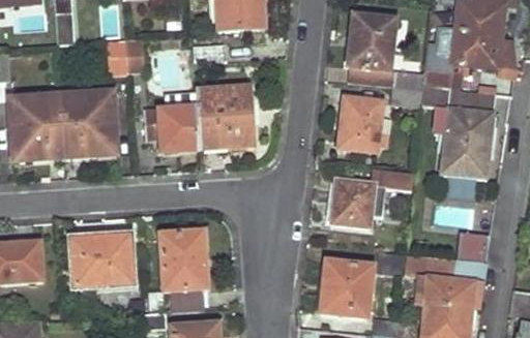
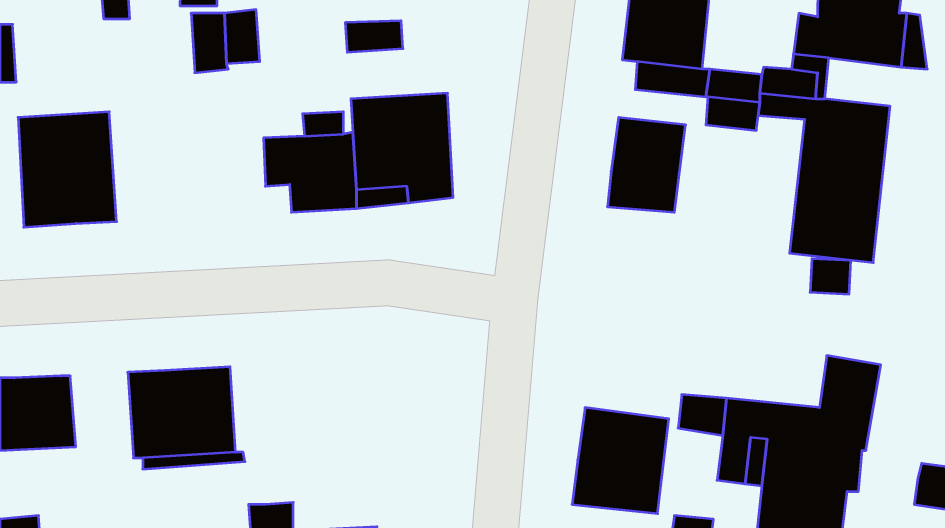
building: [61,91,116,155] -> none
building: [330,171,412,226] -> none
building: [160,231,206,310] -> none

